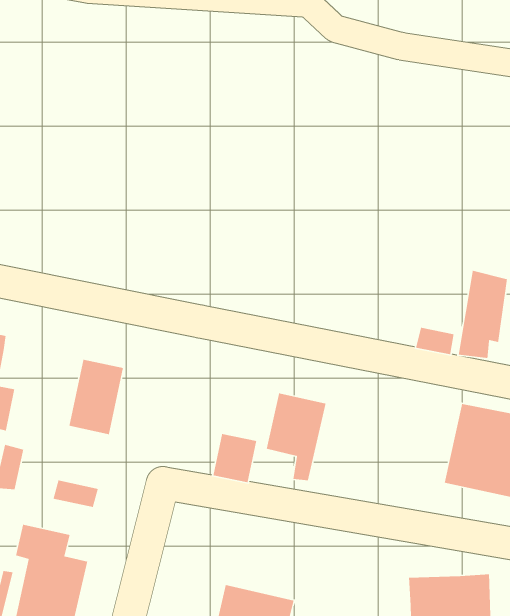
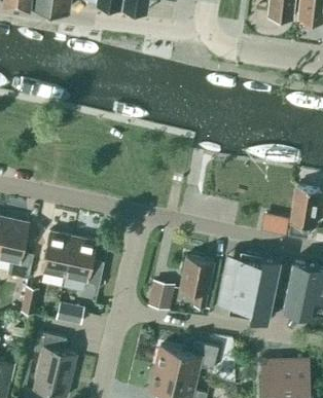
building: none -> [41,231,73,276]
building: none -> [217,251,281,320]
building: none -> [155,339,218,376]

